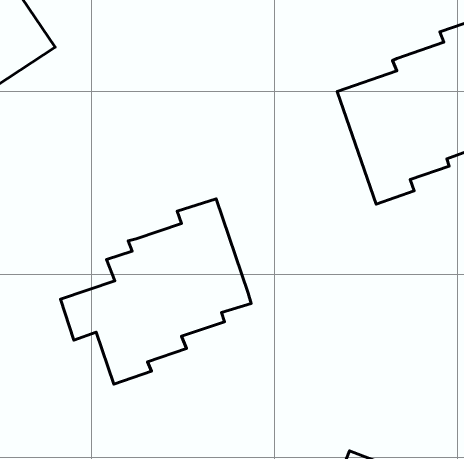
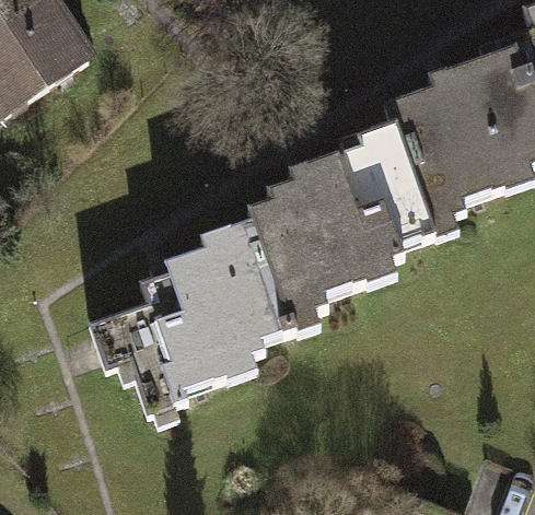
building: none -> [261,120,440,316]

